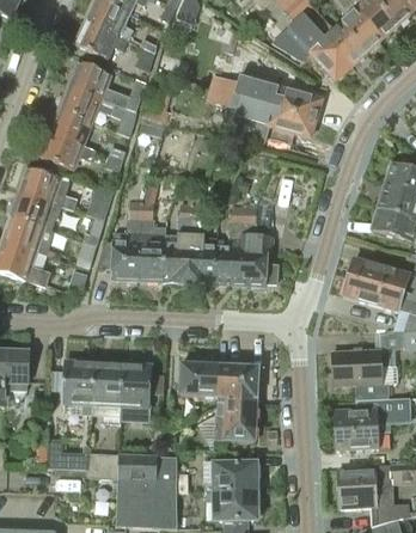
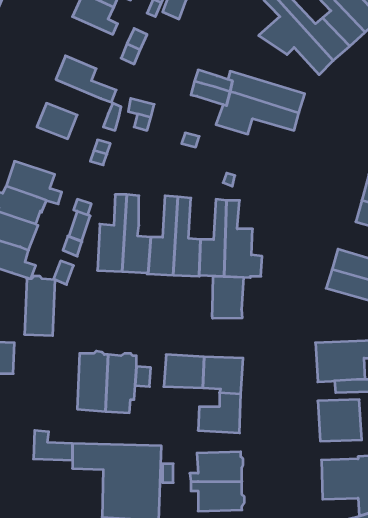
building: [77,22,128,59] -> none
building: [61,85,116,121] -> none
building: [42,133,96,169] -> none
building: none -> [212,276,243,318]
building: [63,357,94,417] -> [24,276,55,336]

